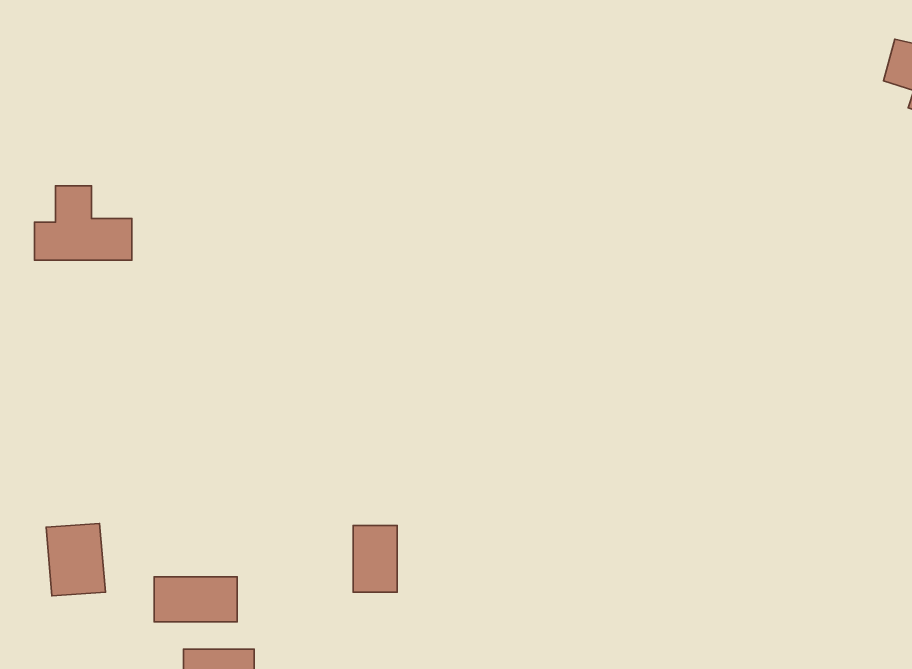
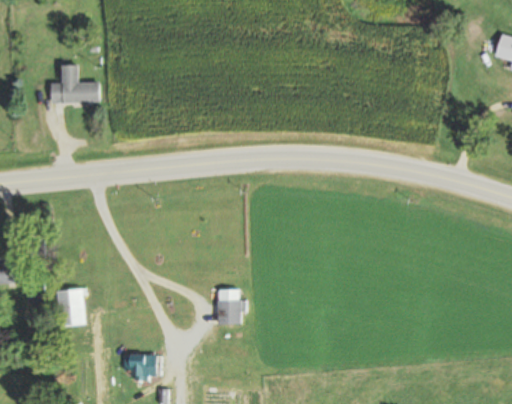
building: [34,186,132,260] -> [50,64,101,103]
building: [154,577,237,622] -> none

